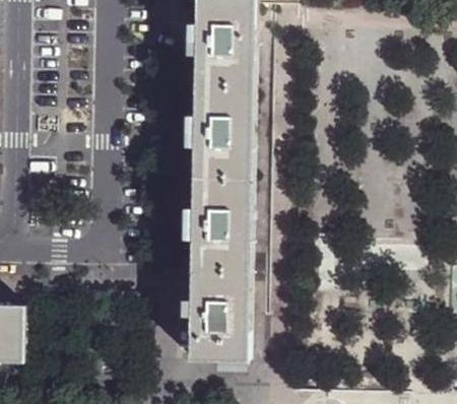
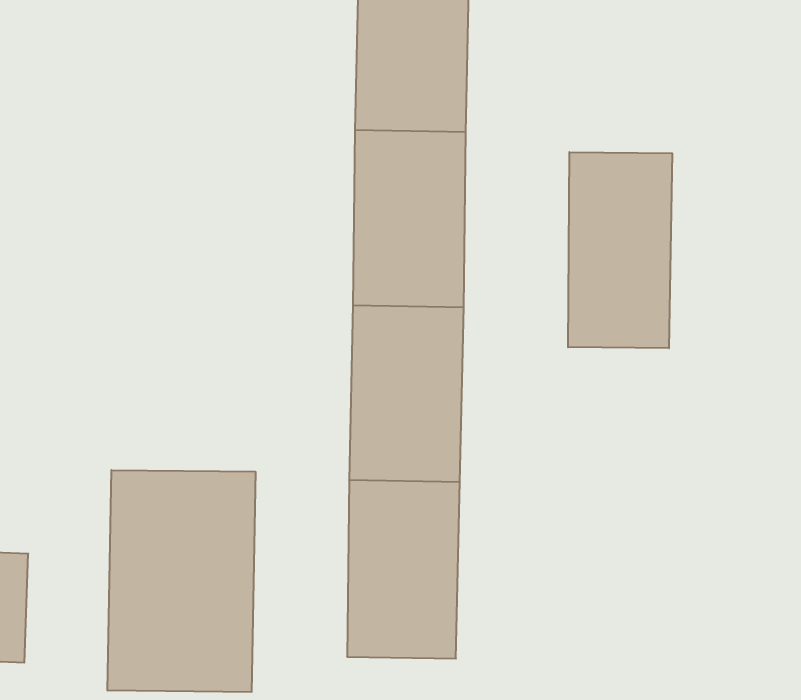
building: none -> [568,152,672,348]
building: none -> [108,470,255,692]

